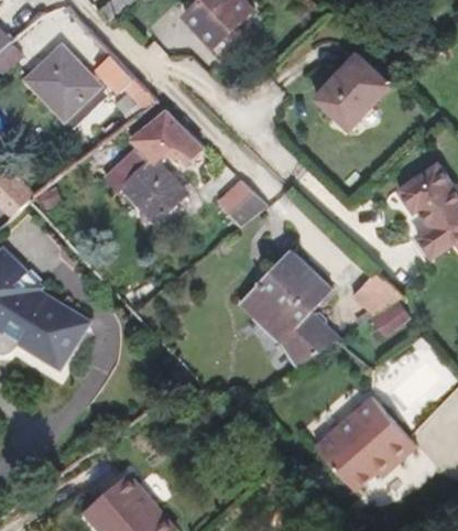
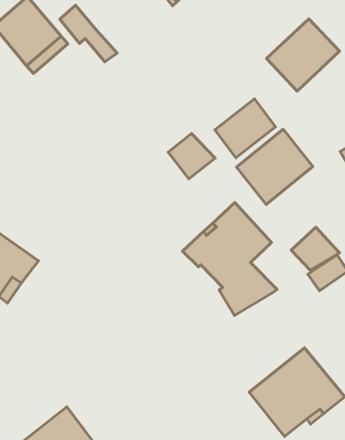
building: [103,109,204,221] -> none
building: none -> [215,99,276,158]
building: none -> [236,129,313,204]

